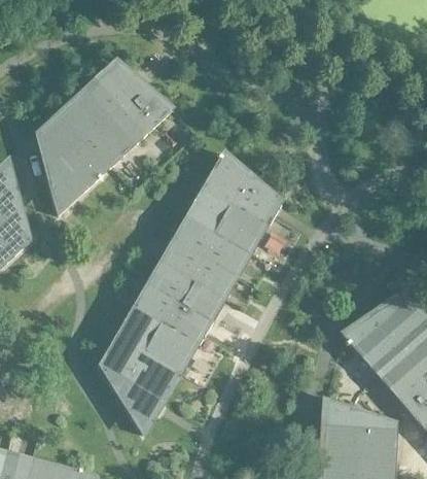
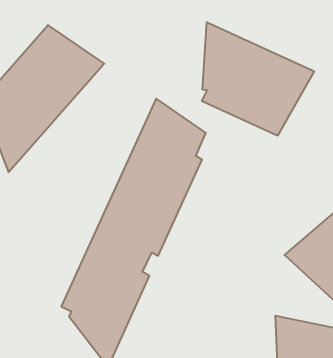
building: none -> [202,22,314,136]

